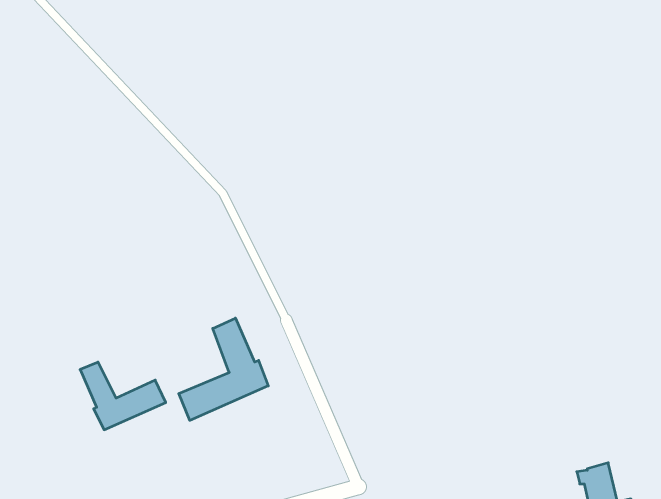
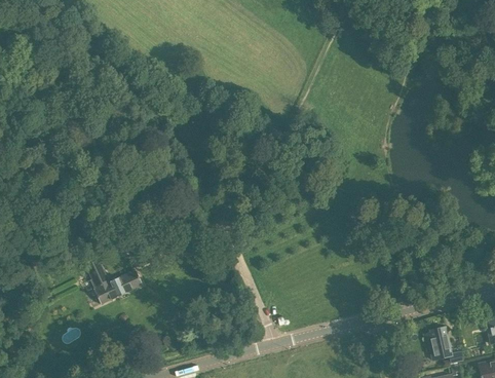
building: [179,318,268,420] -> none

